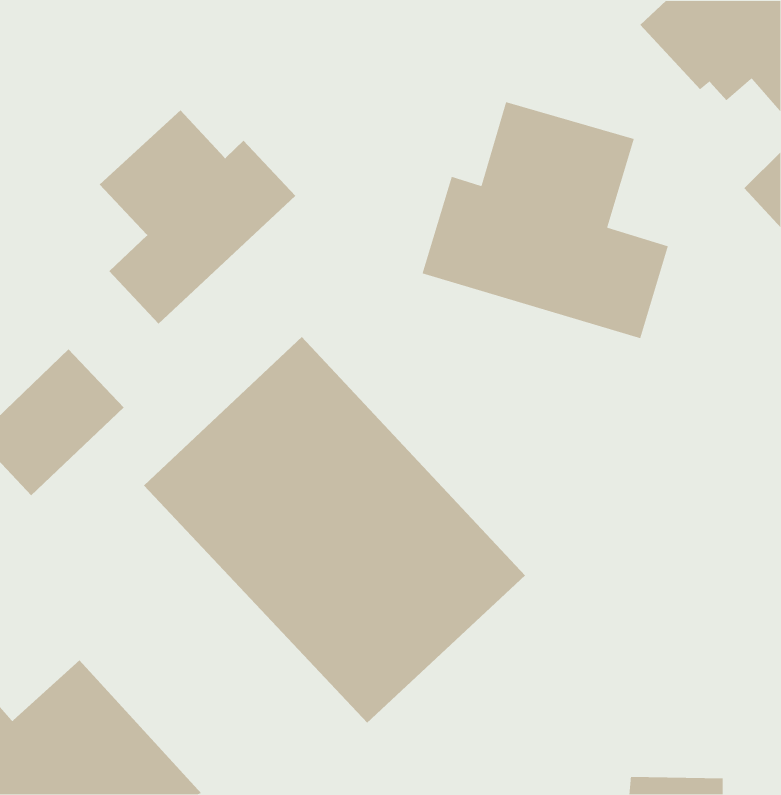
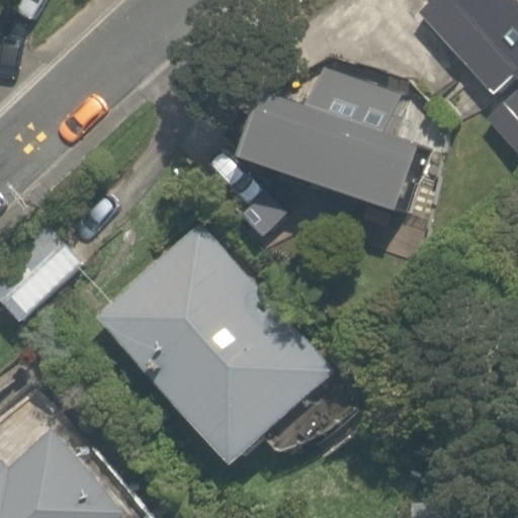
building: [99,110,296,325] -> none

